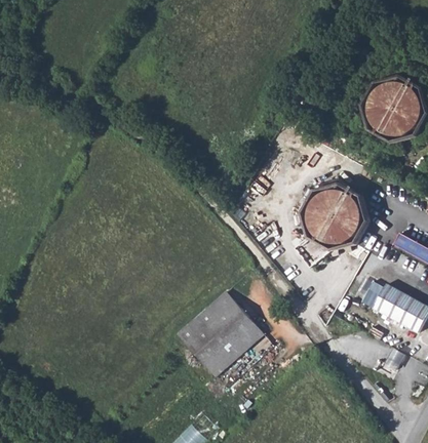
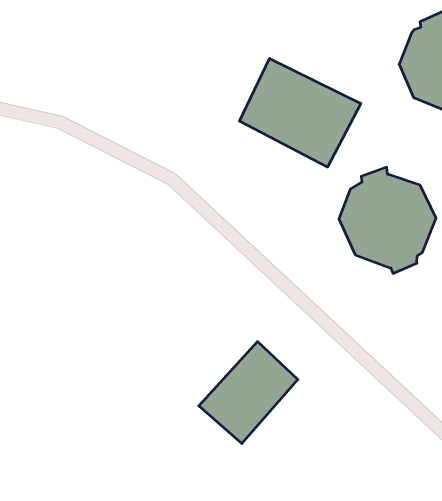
building: none -> [240,58,361,167]
building: [204,323,263,376] -> none

